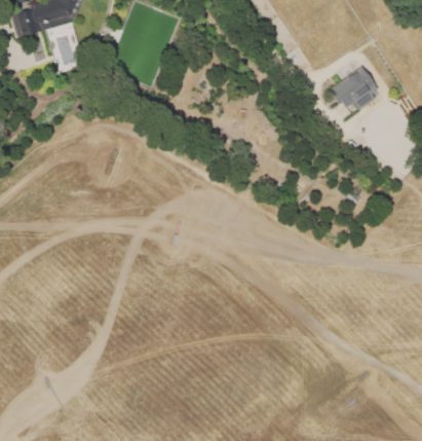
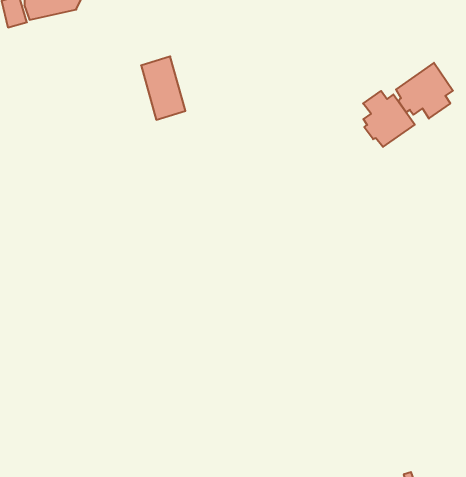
building: [45,21,81,72] -> [141,56,185,120]
building: none -> [363,91,415,147]

